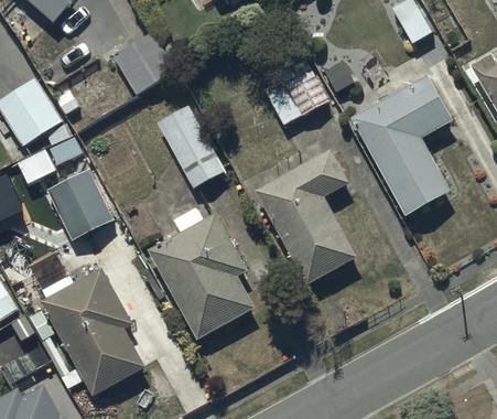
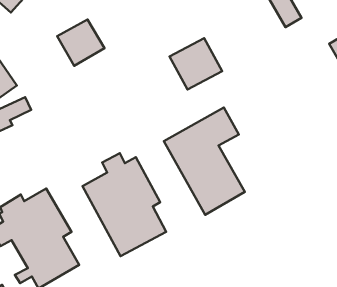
building: [352,77,453,219] -> none
building: [158,105,227,191] -> none
building: [47,171,114,240] -> none

